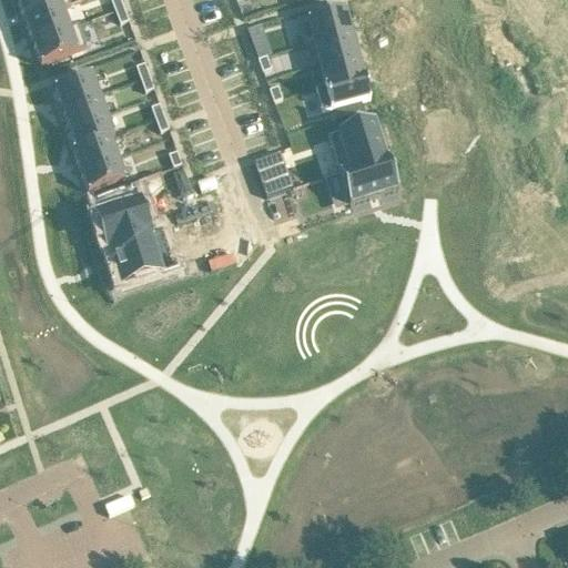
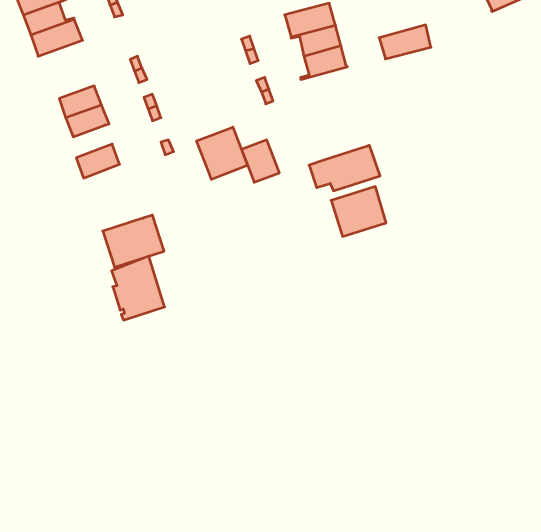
building: [54,69,99,103] -> none
building: [315,70,369,105] -> [379,25,431,59]
building: [327,115,385,168] -> [331,187,386,236]
building: [72,131,118,165] -> none
building: none -> [197,127,248,179]
building: [94,175,150,242] -> [112,256,165,320]

